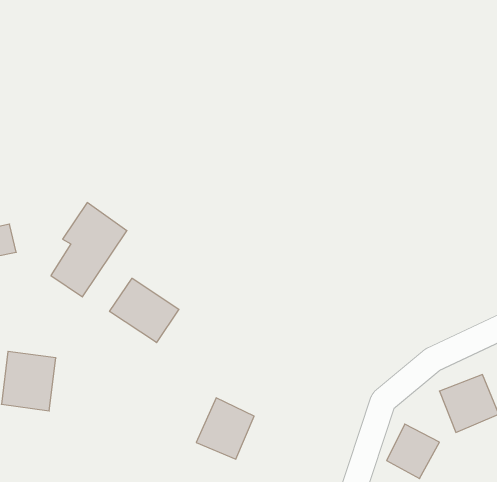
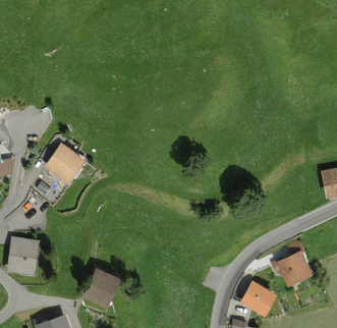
building: [110,278,179,343] -> none
building: [196,398,254,459] -> [81,269,117,307]

